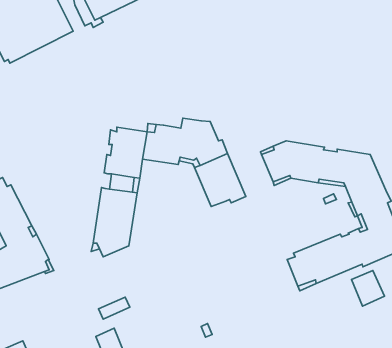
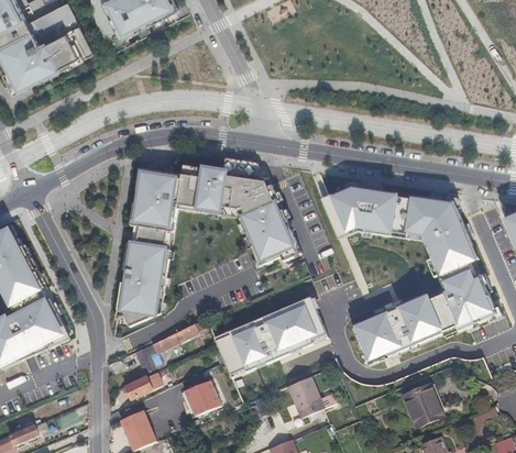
building: none -> [215,296,326,374]
building: none -> [134,322,199,374]
building: [352,270,385,306] -> [399,385,439,428]
building: none -> [286,376,322,418]
building: none -> [184,379,220,416]

